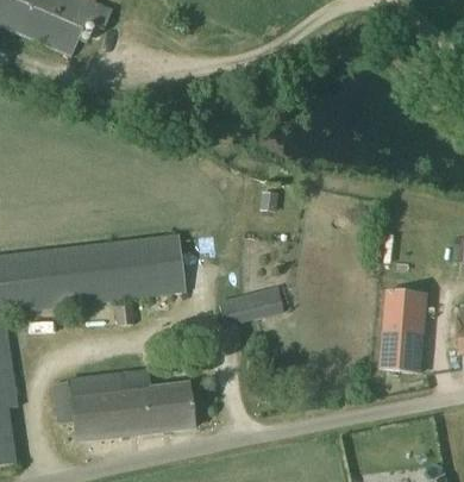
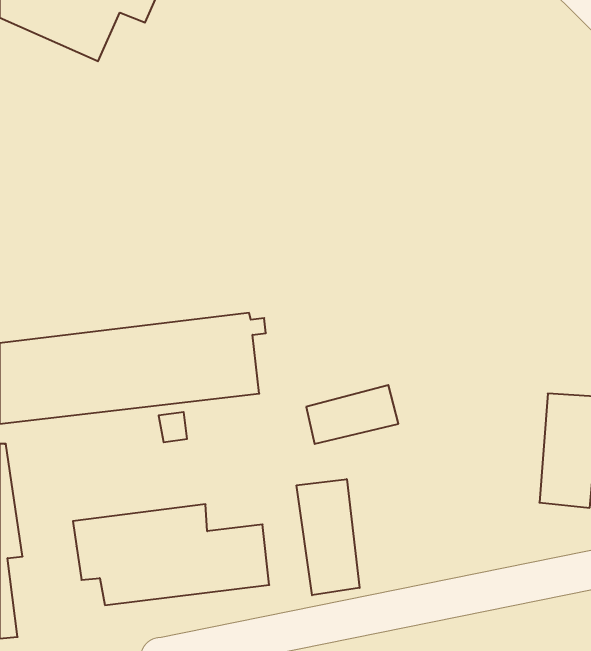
building: none -> [297,479,360,595]

